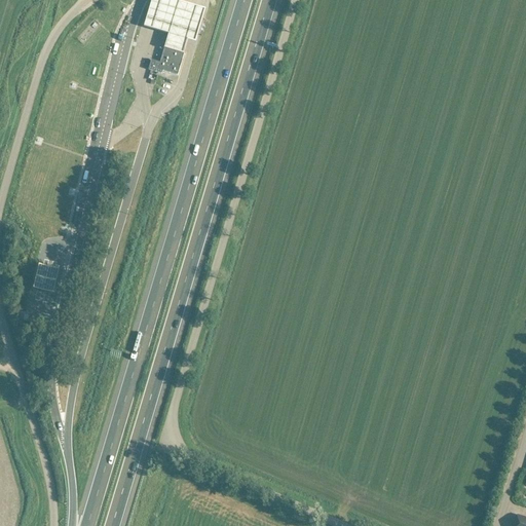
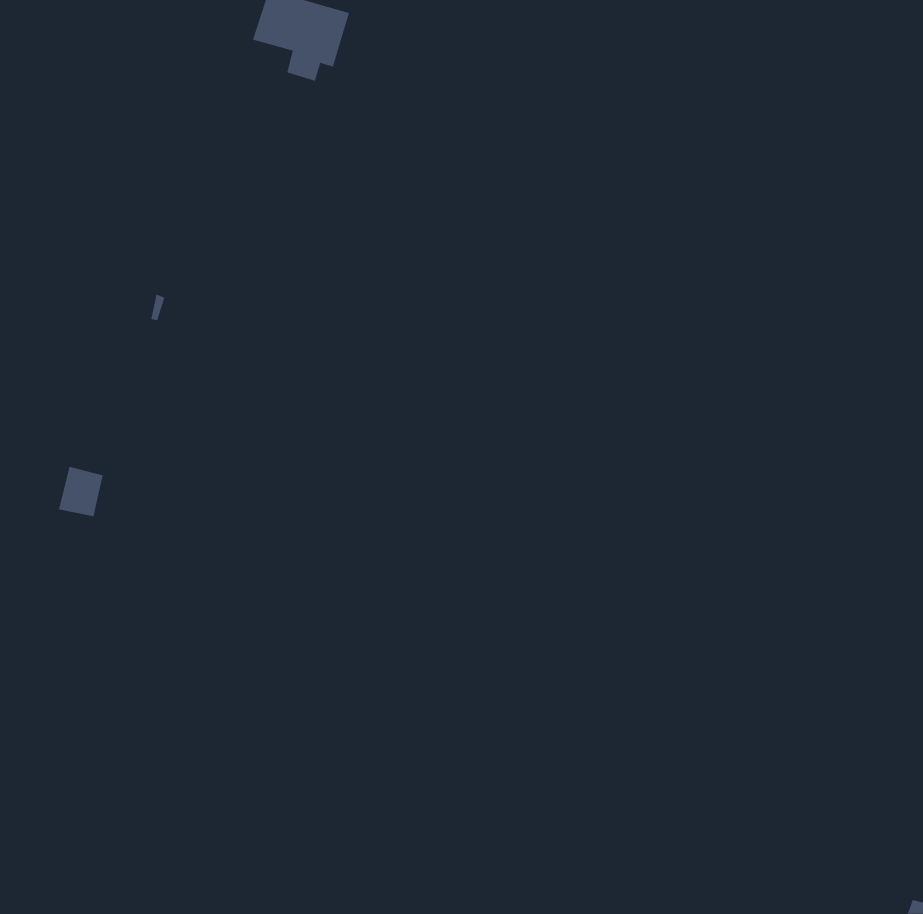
building: [151,42,186,70] -> none

